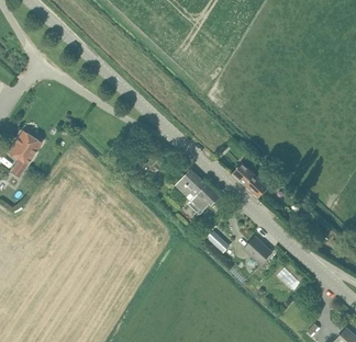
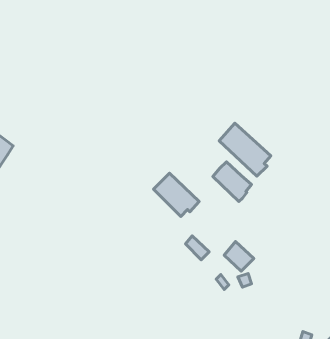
building: none -> [219,123,271,176]

